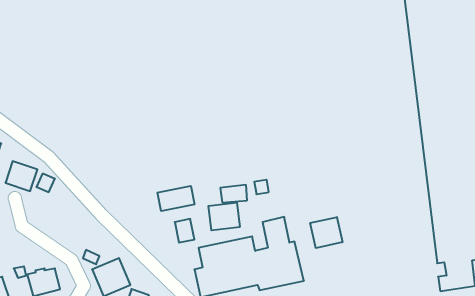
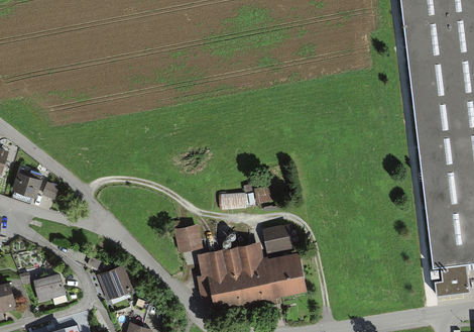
building: [157,186,194,211] -> none
building: [208,203,240,230] -> none
building: [310,217,342,248] -> none

